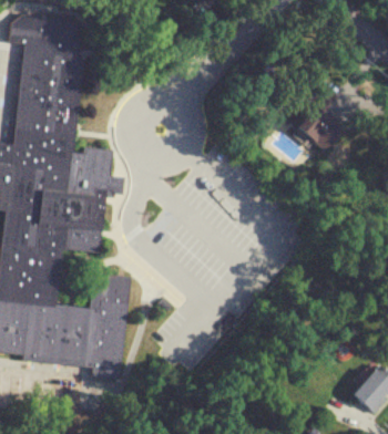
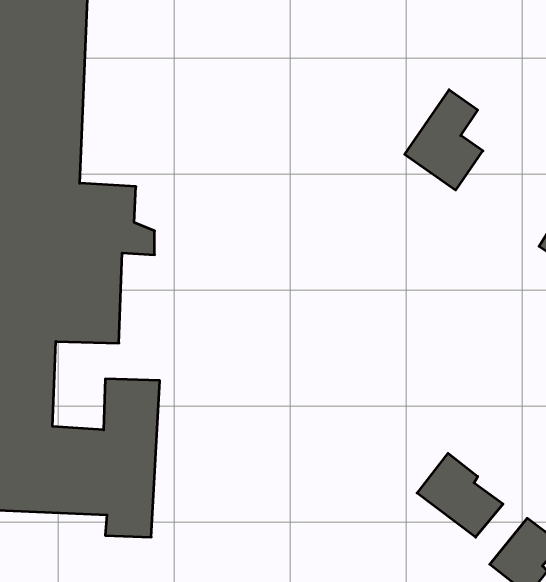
building: none -> [417,453,503,537]

